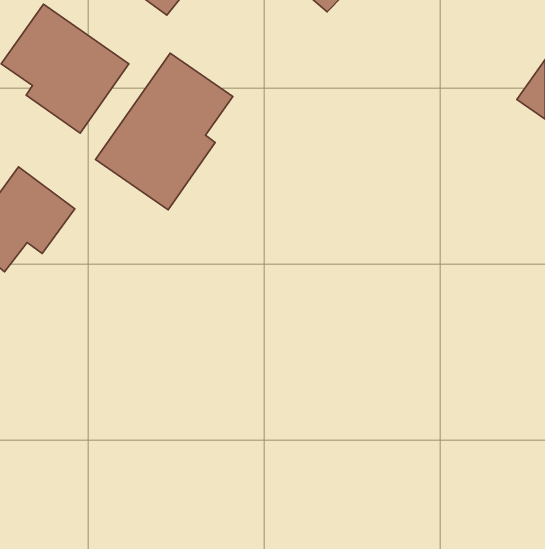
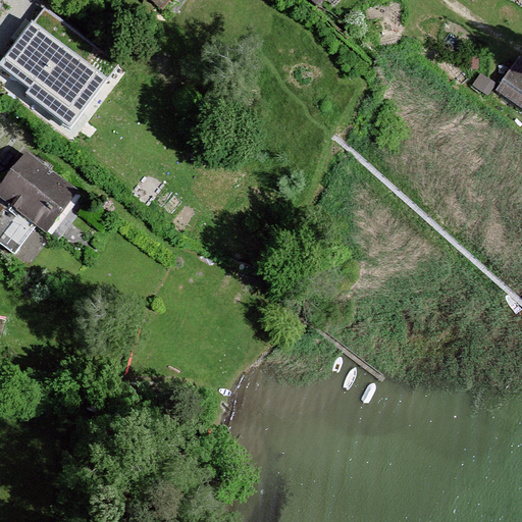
building: [95,53,233,210] -> none

